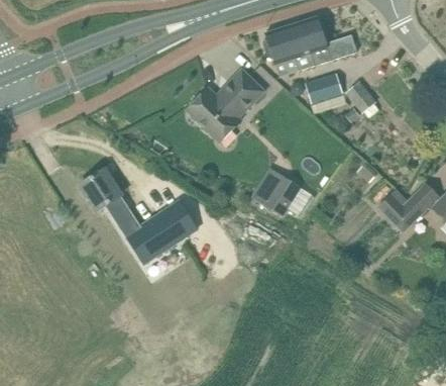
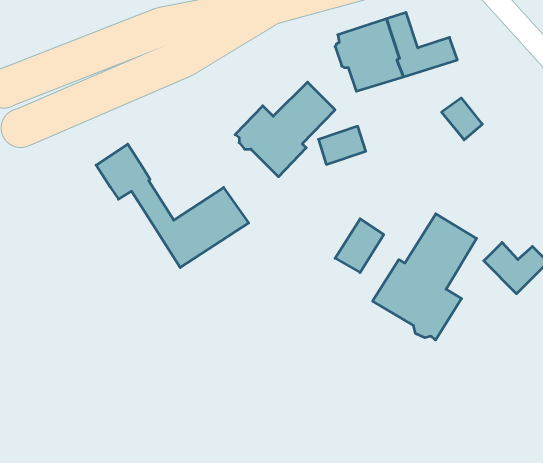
building: [306,73,342,102] -> [318,126,366,164]
building: [80,168,197,263] -> [96,144,249,268]
building: none -> [373,214,477,340]

